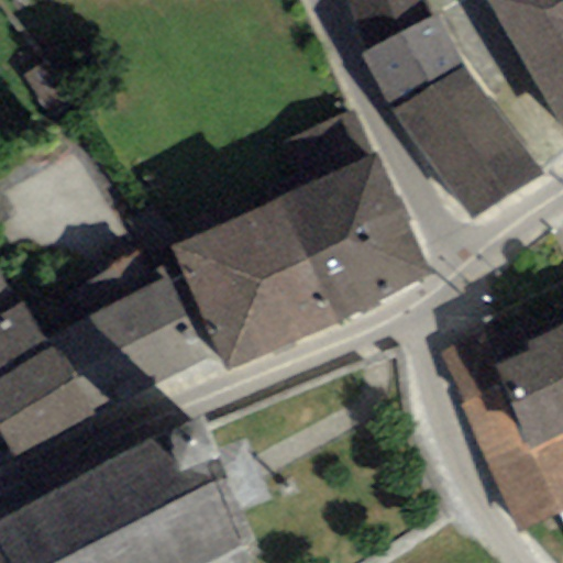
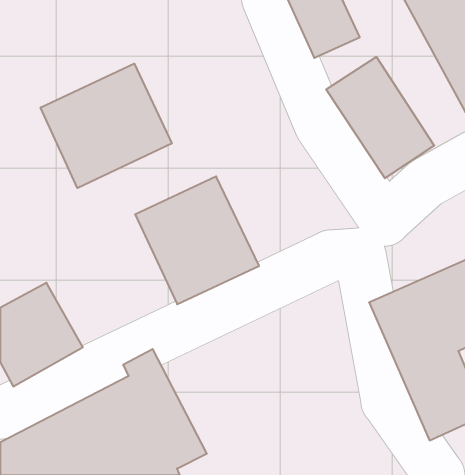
building: none -> [41,64,172,188]
building: [268,161,420,313] -> none
building: [68,276,219,409] -> none

